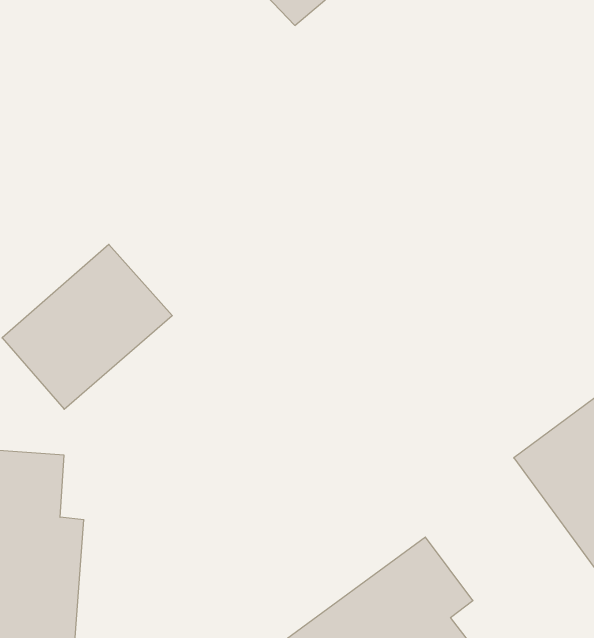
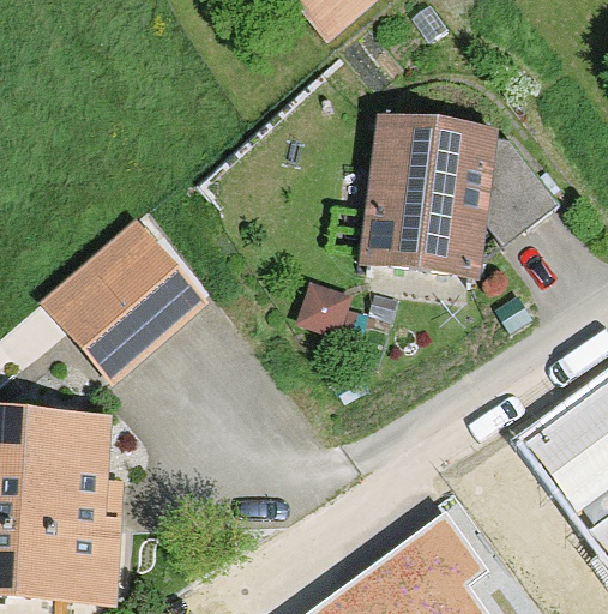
building: none -> [361,116,505,285]

